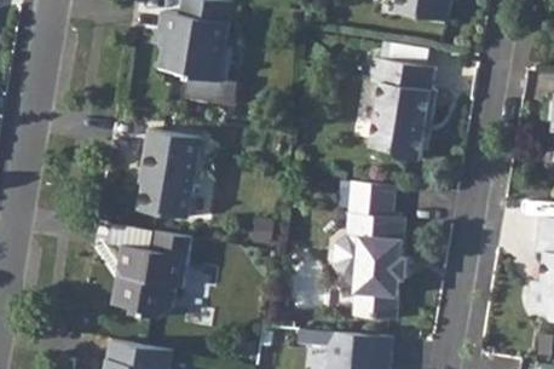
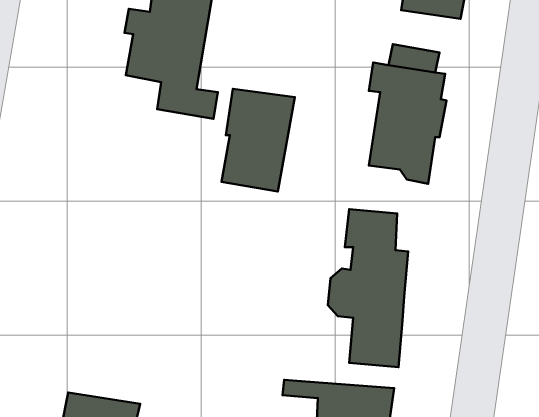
building: [137,129,200,218] -> [221,89,295,192]
building: [111,230,190,319] -> none

